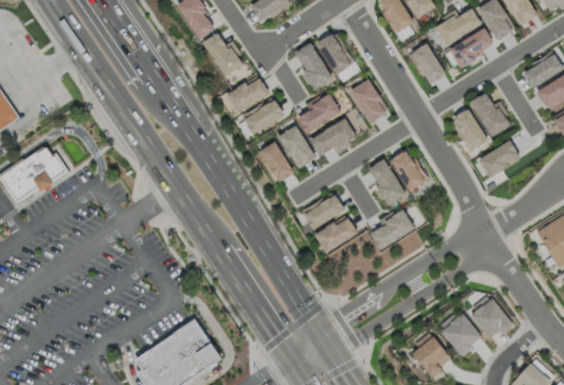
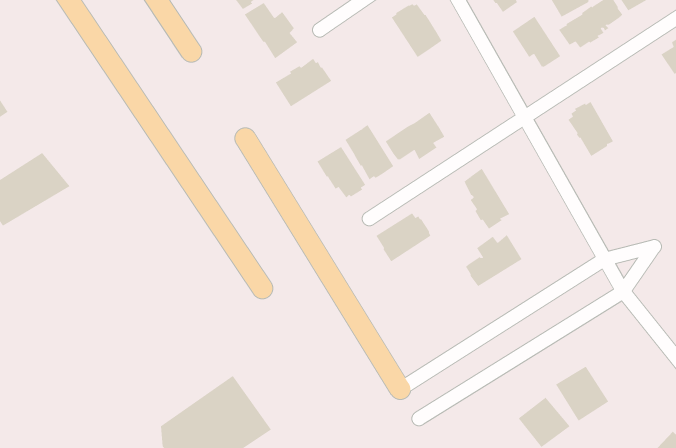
building: [295,43,332,90] -> none
building: [349,80,387,124] -> none
building: [296,94,340,134] -> none
building: [469,94,509,137] -> none
building: [243,100,286,137] -> none
building: [478,140,522,179] -> none
building: [391,153,430,194] -> none
building: [315,217,358,255] -> none
building: [472,298,510,330] -> none

